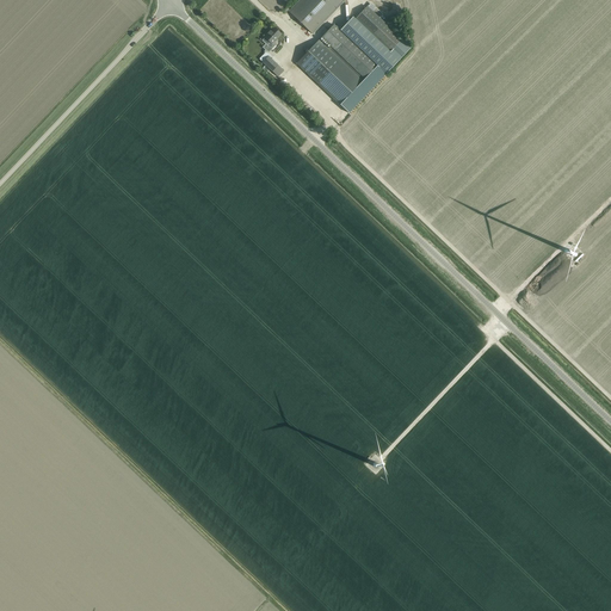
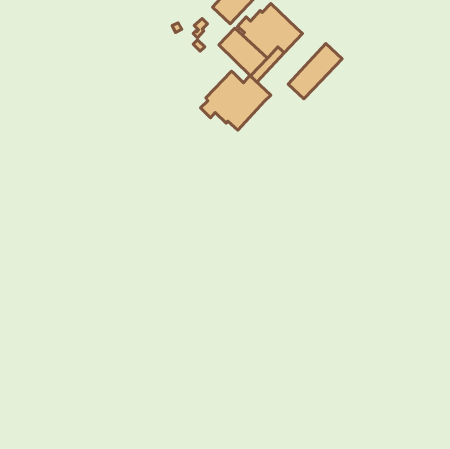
building: none -> [288,43,342,99]
building: none -> [200,71,271,130]

